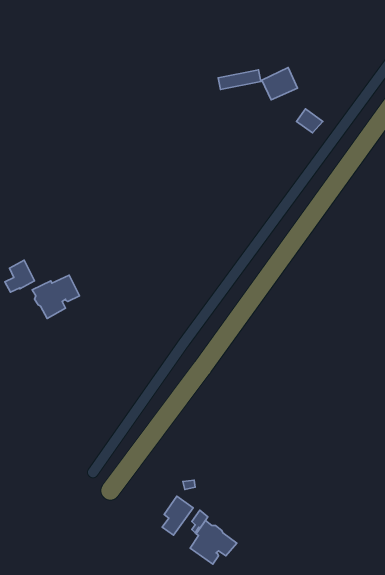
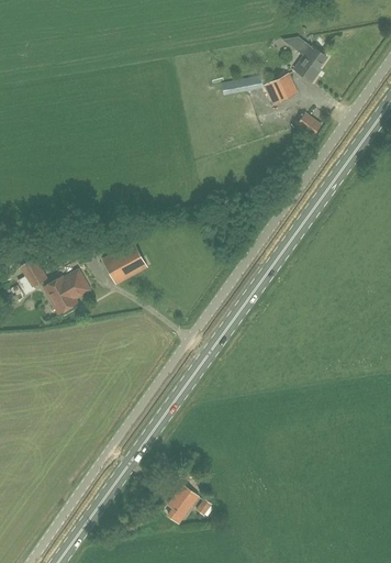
building: none -> [294,40,326,81]
building: none -> [103,242,147,285]
building: [190,520,237,564] -> none

